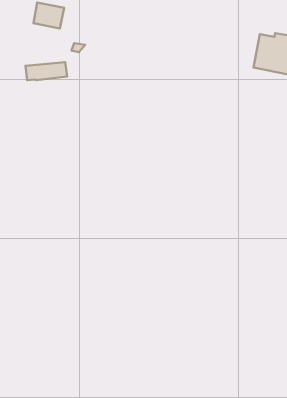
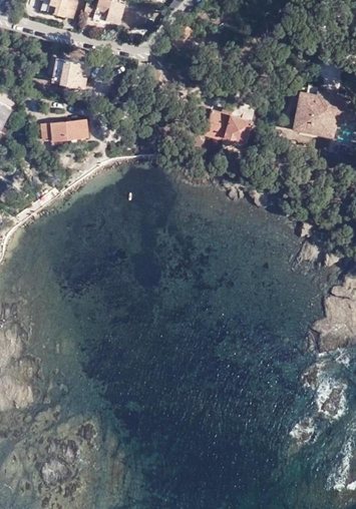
building: none -> [206,111,252,142]

